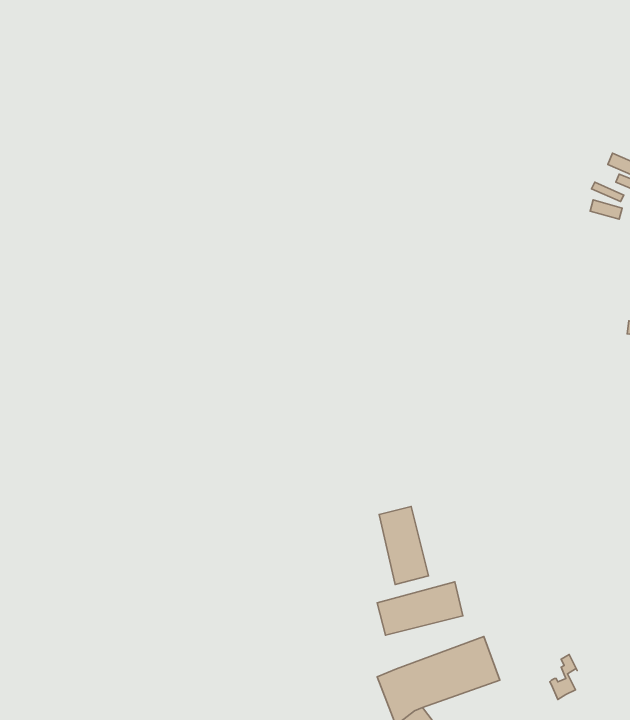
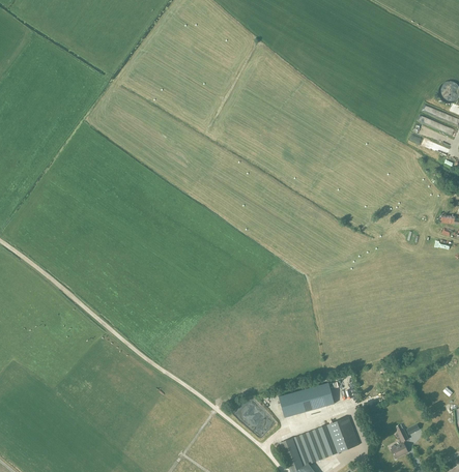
building: [379,507,429,584] -> none

